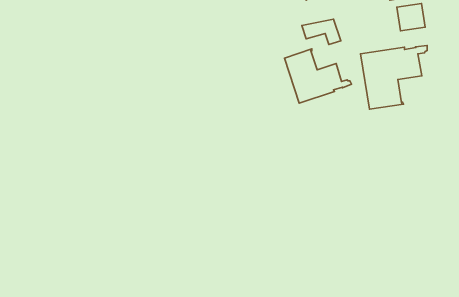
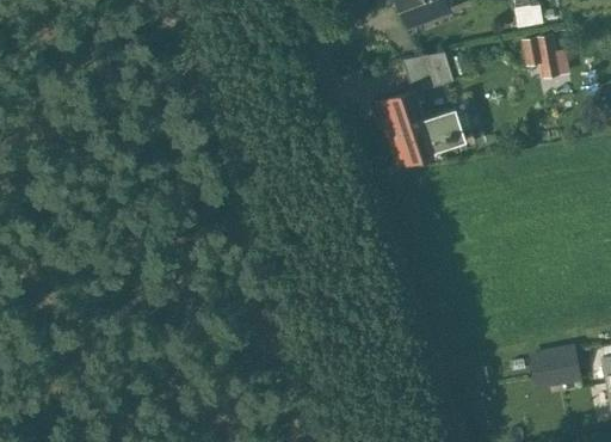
building: [360,46,427,109] -> none
building: none -> [529,345,581,391]

